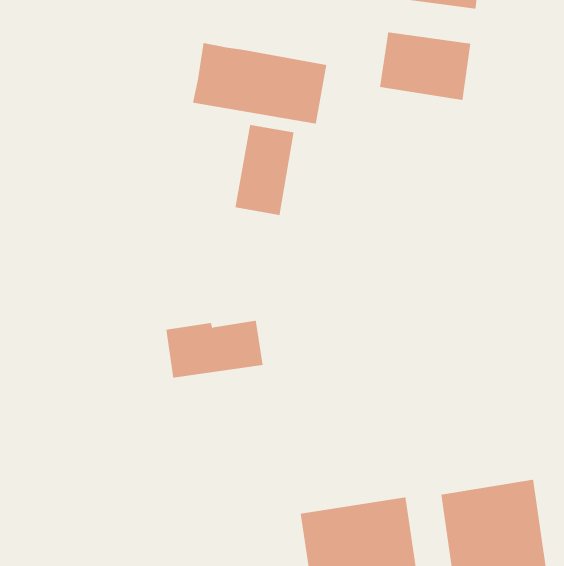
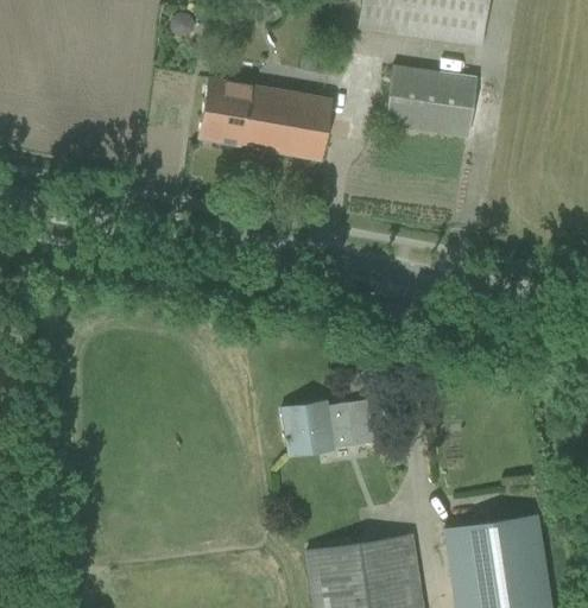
building: [235,124,294,216] -> none
building: [165,320,264,378] -> [282,398,380,456]

